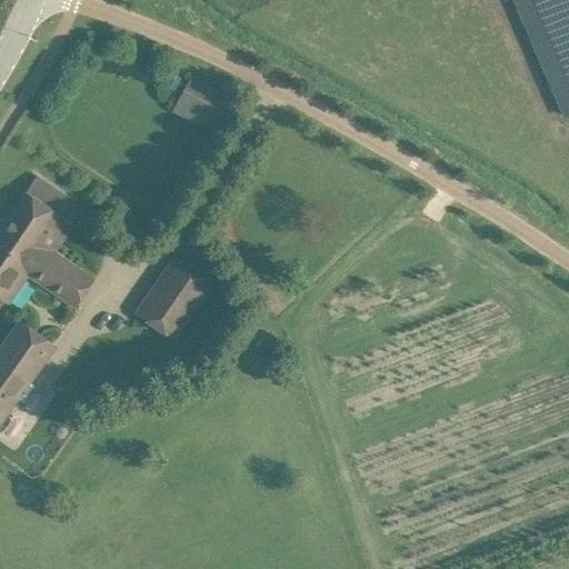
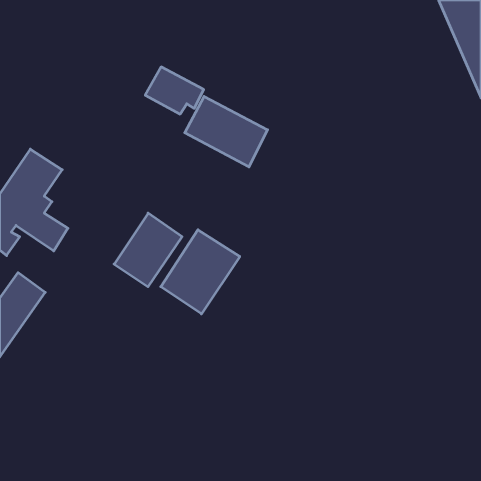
building: none -> [185,96,268,167]
building: none -> [161,230,240,314]

